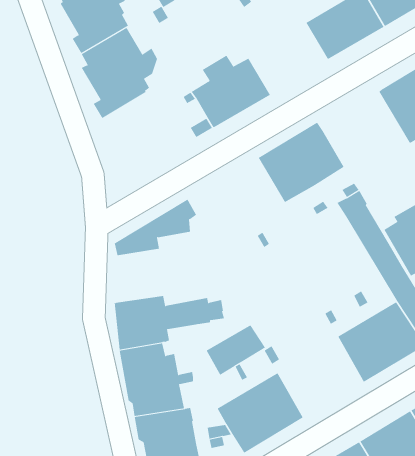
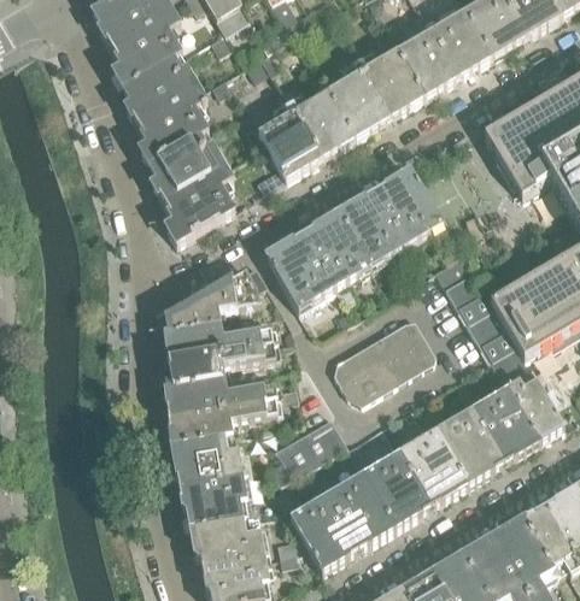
building: none -> [327,46,422,135]
building: none -> [150,131,234,240]
building: none -> [265,211,370,308]
building: none -> [333,314,434,399]
building: none -> [164,320,293,385]
building: none -> [362,426,465,524]

